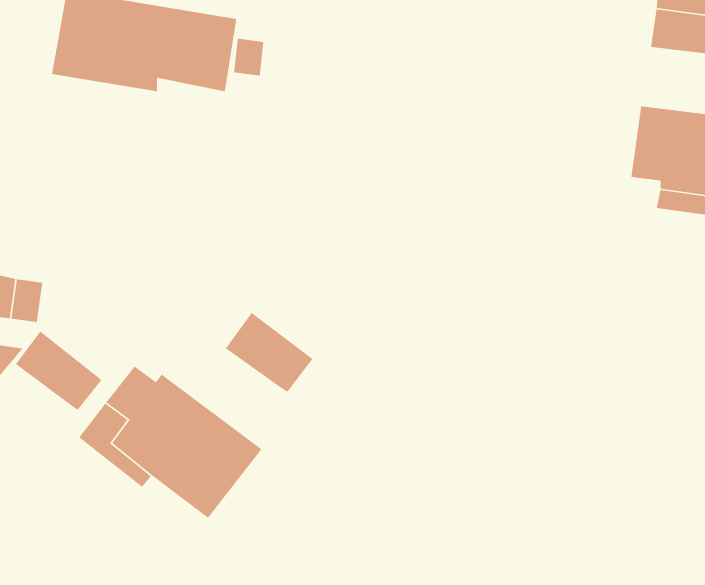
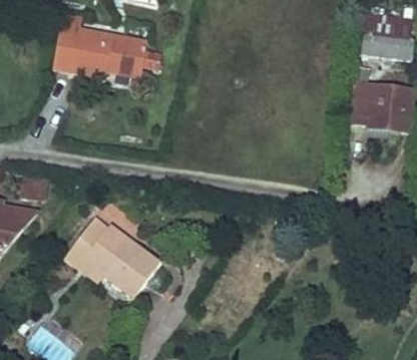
building: [225,312,314,393] -> none
building: [15,331,103,411] -> none

